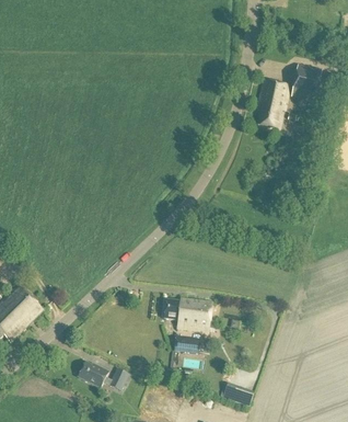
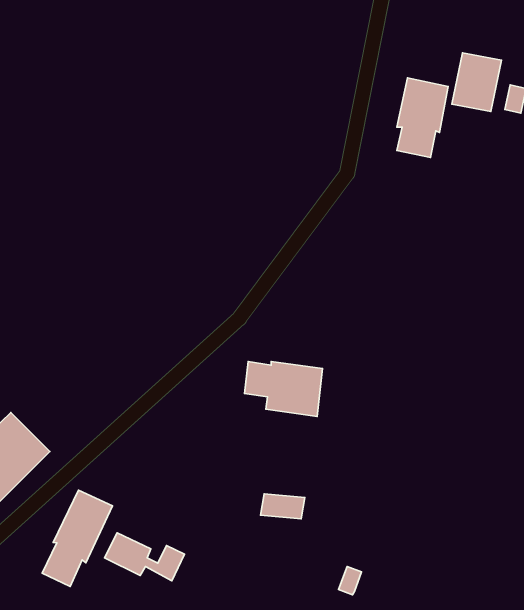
building: [164,298,212,332] -> [244,361,322,416]
building: none -> [42,490,113,586]

